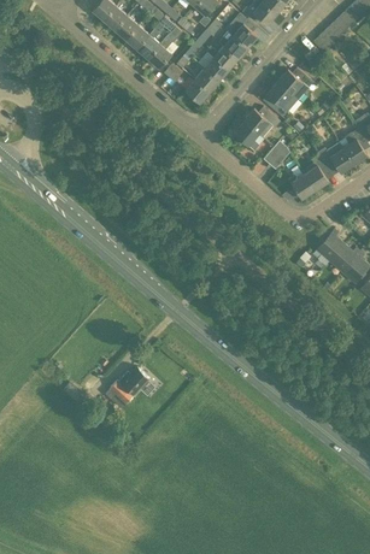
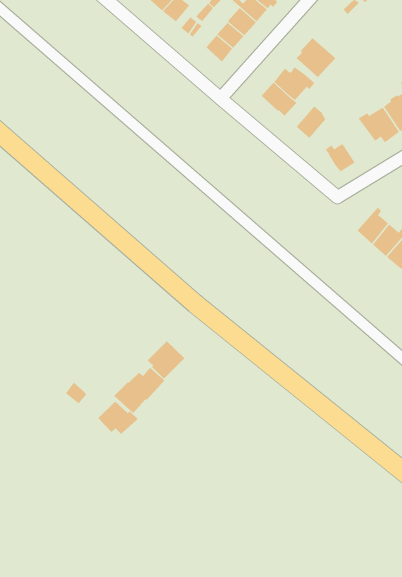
building: [277,69,313,100] -> none
building: [301,154,331,190] -> none
building: none -> [147,341,185,380]
building: none -> [98,401,138,435]

